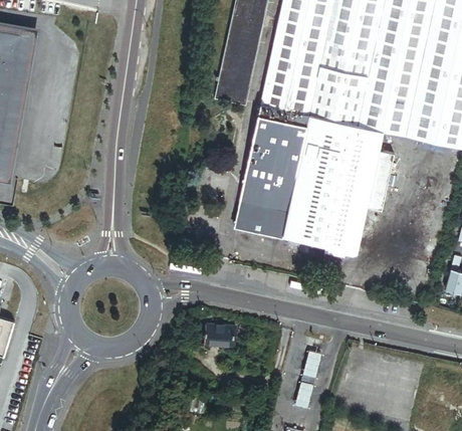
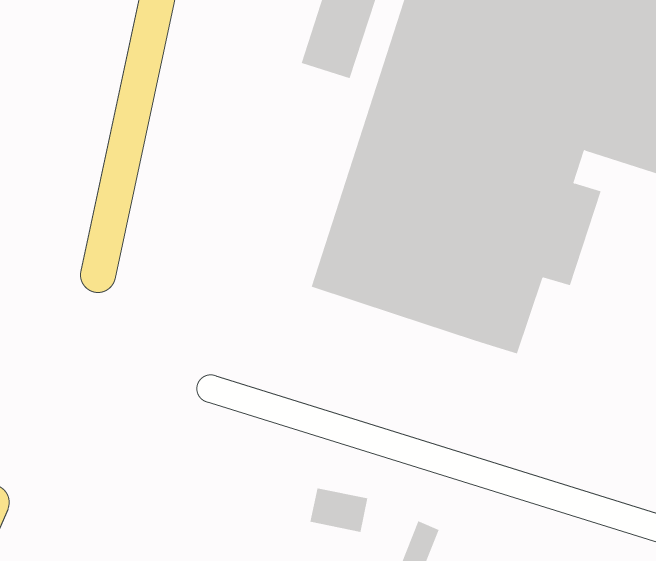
building: [205,325,237,348] -> [310,488,368,533]

